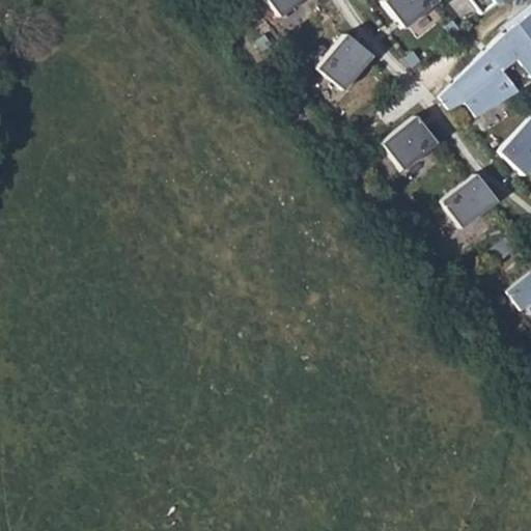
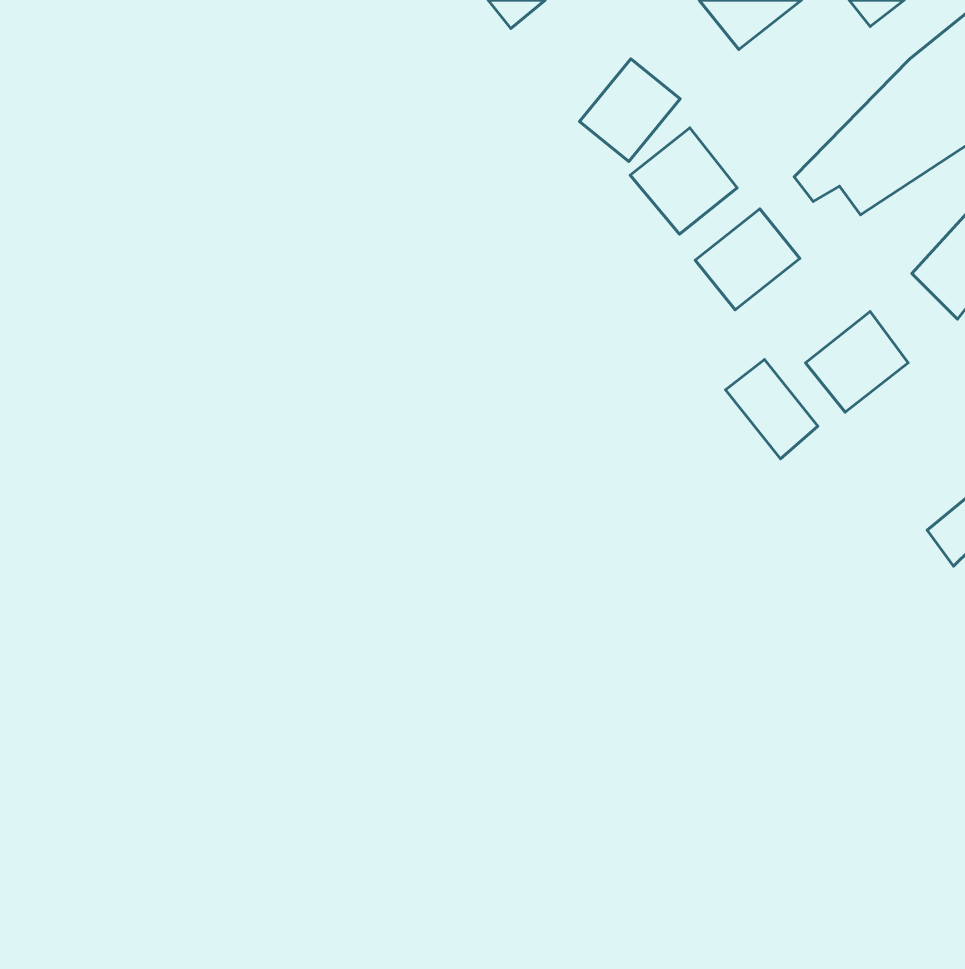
building: none -> [630,128,737,234]
building: none -> [725,360,818,459]

